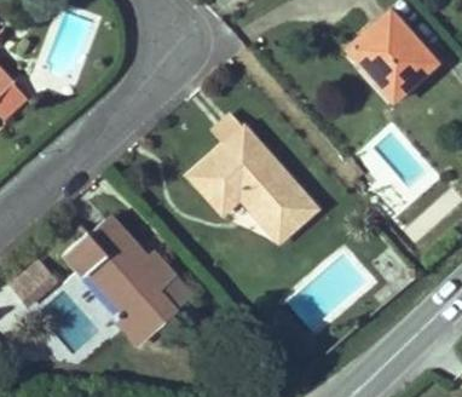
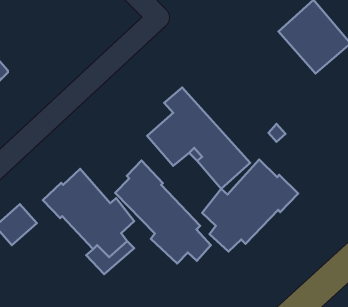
building: none -> [202,160,298,252]
building: none -> [115,160,211,264]

